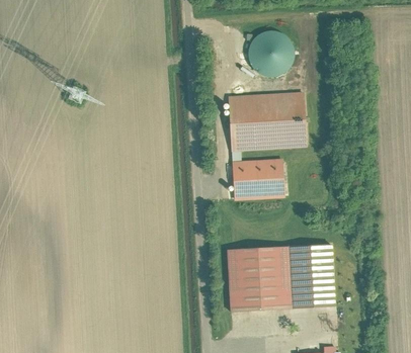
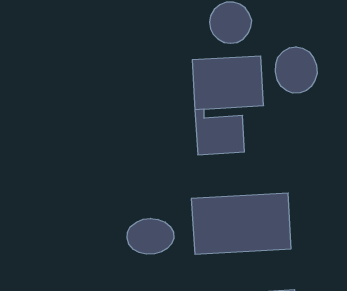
building: none -> [275,47,317,93]
building: none -> [127,218,174,254]

